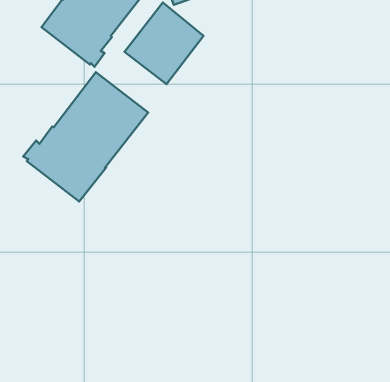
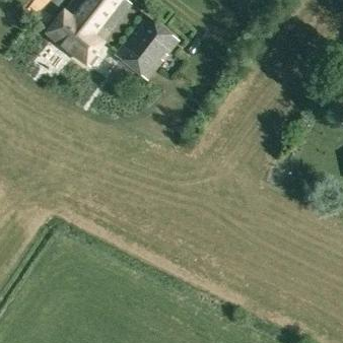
building: [23,72,148,201] -> none

